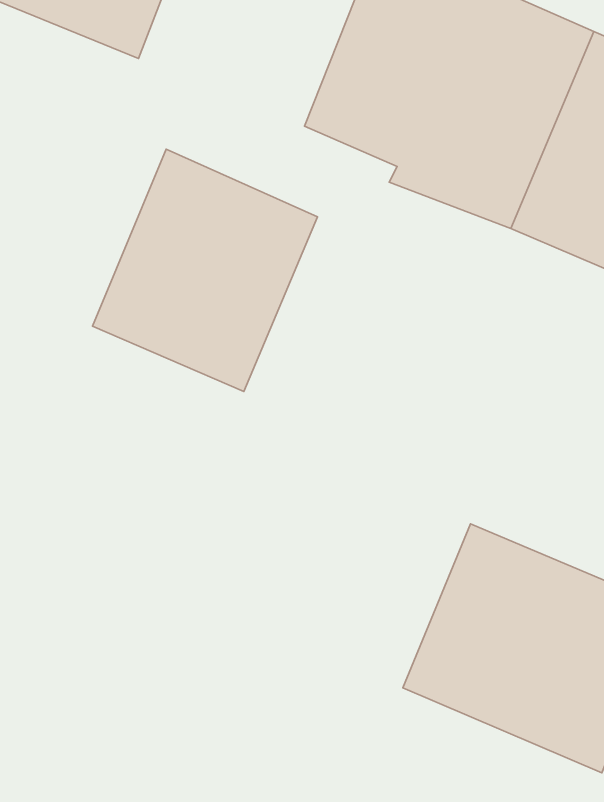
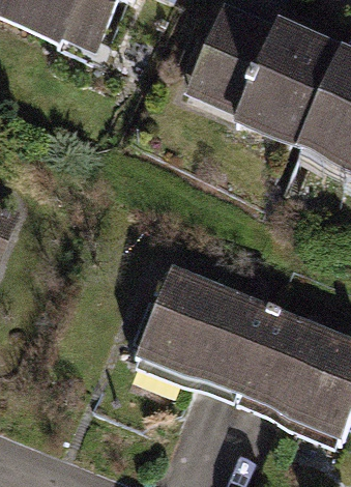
building: [92,149,317,391] -> none
building: none -> [135,265,273,395]

